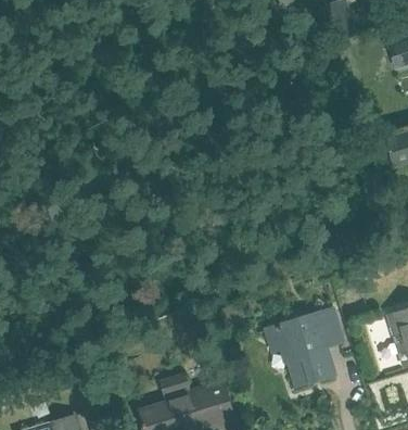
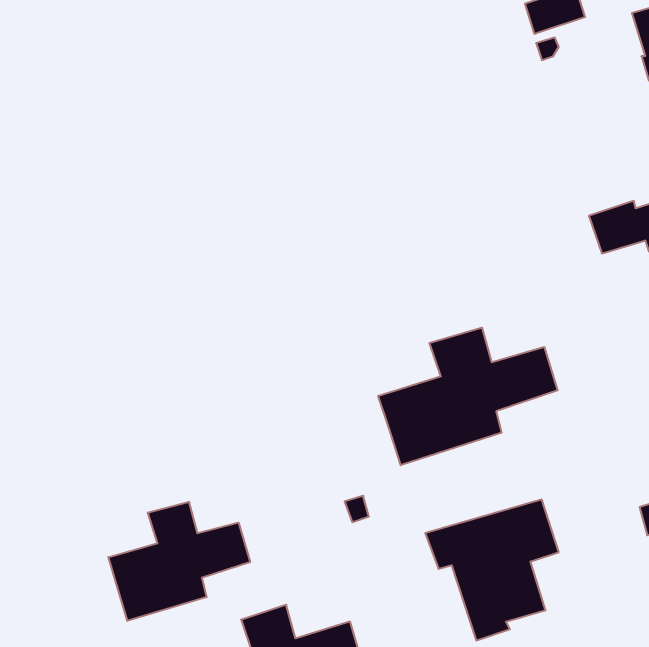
building: none -> [378,328,558,465]
building: none -> [108,502,250,621]

